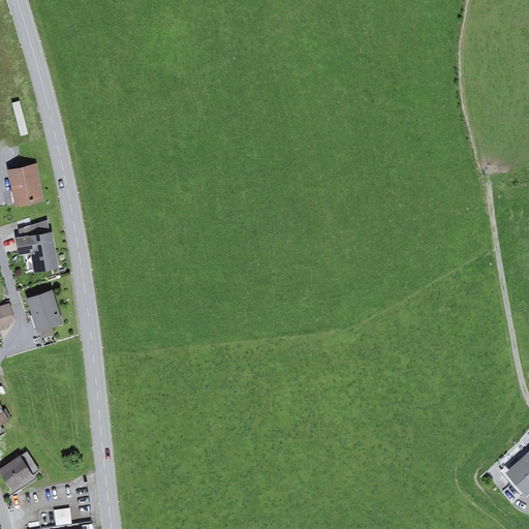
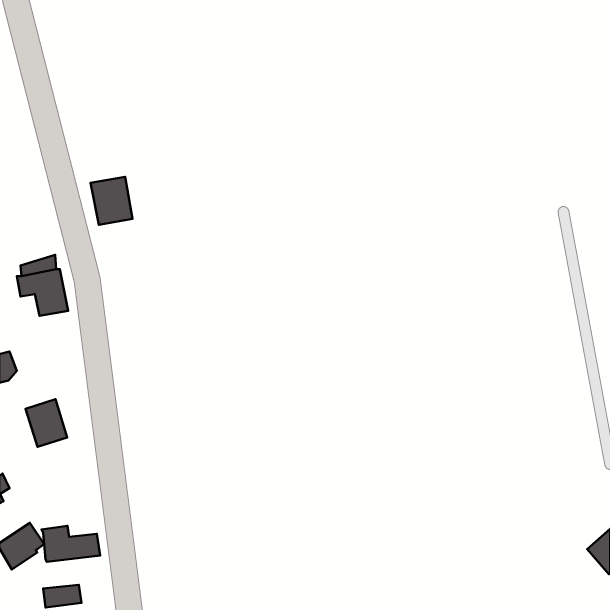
building: [6,165,42,207] -> [91,177,132,225]
building: [26,291,62,333] -> [25,399,67,447]
building: none -> [42,526,100,562]

